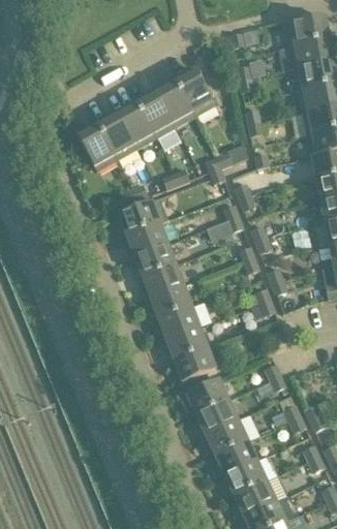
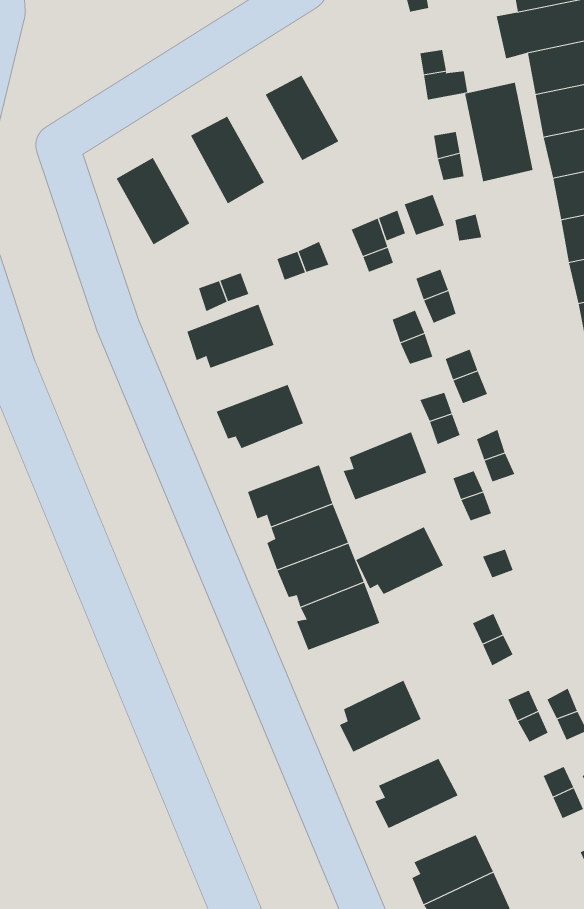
building: [176,68,216,116] -> none
building: none -> [464,82,533,182]
building: [136,91,180,151] -> none
building: [97,113,136,159] -> none
building: [125,223,168,258] -> none
building: [141,264,185,301] -> [343,432,427,500]
building: [183,379,229,415] -> [356,526,444,595]
building: [203,421,248,456] -> none
building: [221,461,268,496] -> none

